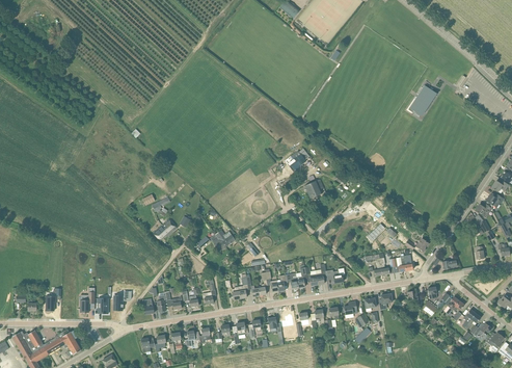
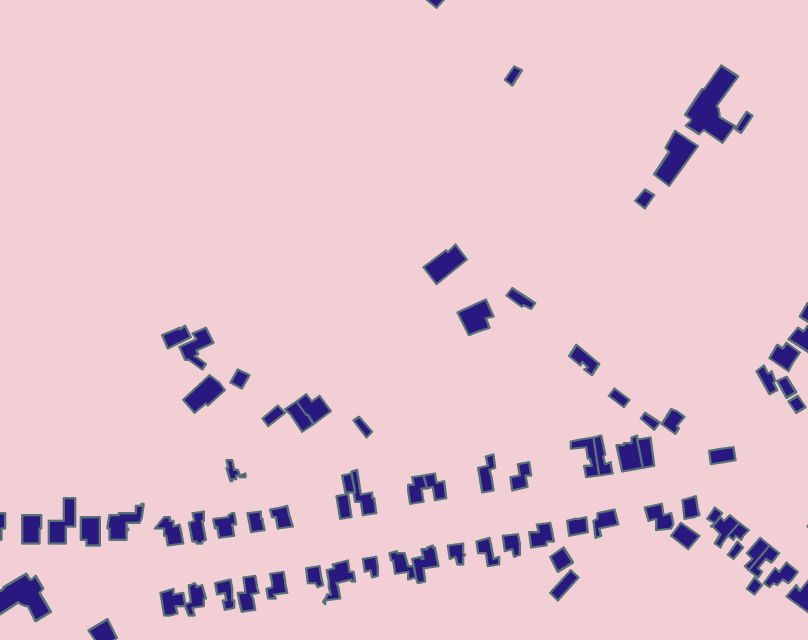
building: none -> [685,66,738,143]

